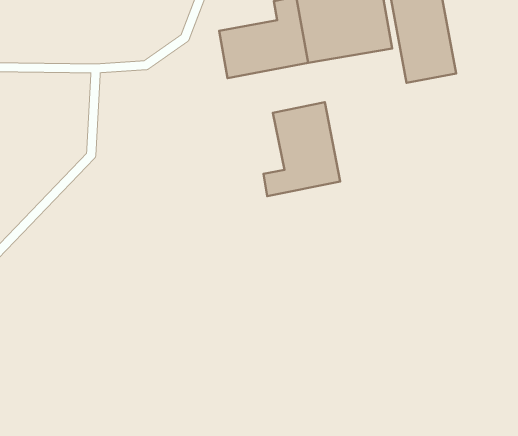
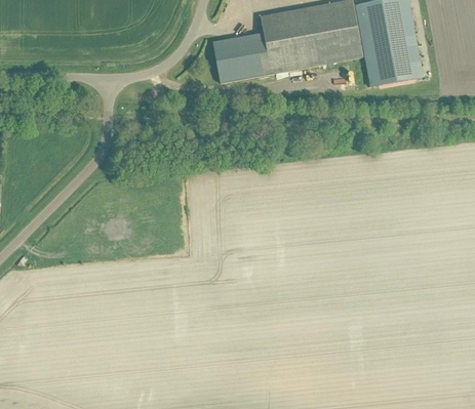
building: [263,102,340,196] -> none

